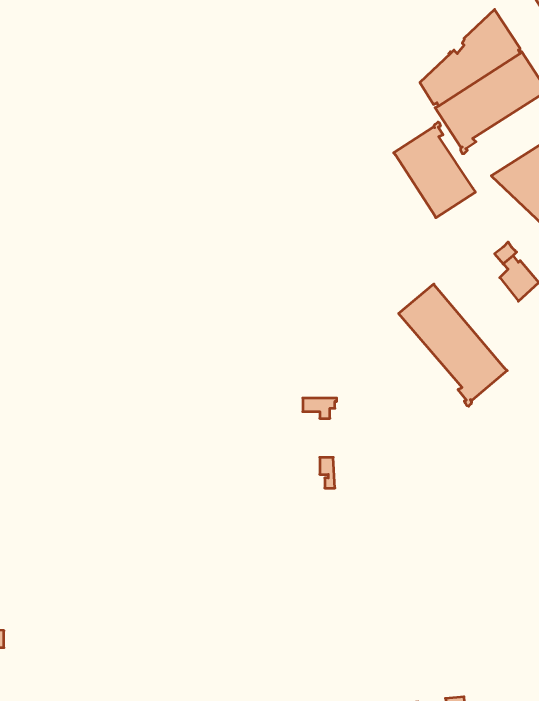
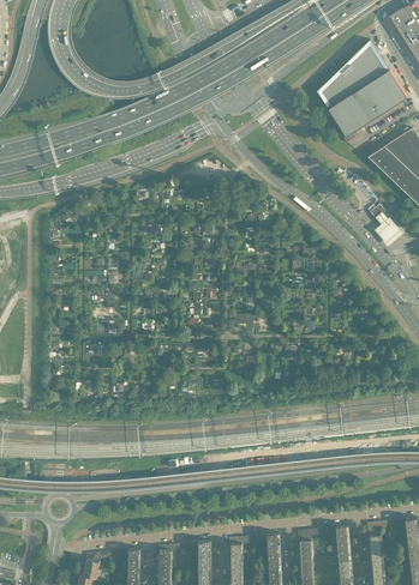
building: [394,122,475,218] -> none
building: [399,284,507,406] -> none

